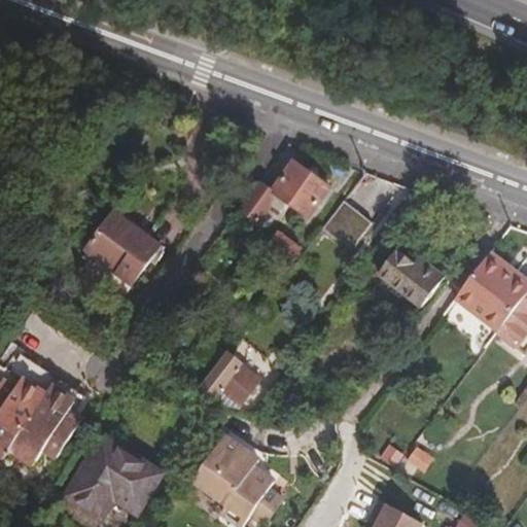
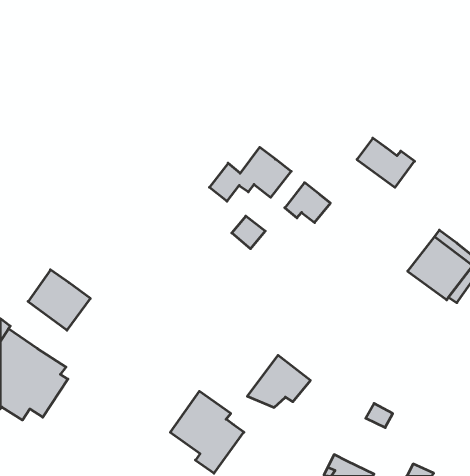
building: [87,215,156,282] -> [28,270,90,330]
building: [378,251,442,306] -> [357,138,415,187]
building: [192,350,262,408] -> [247,355,310,407]
building: [59,431,157,519] -> none

